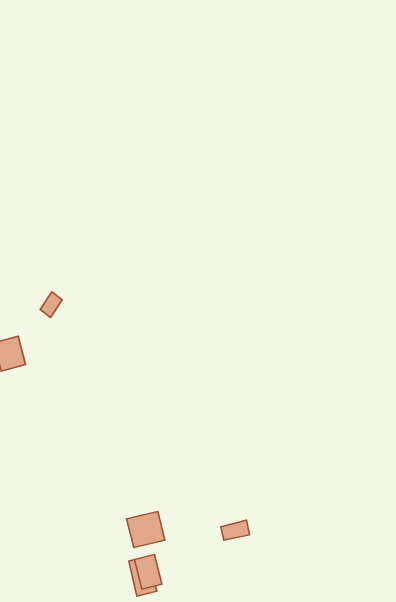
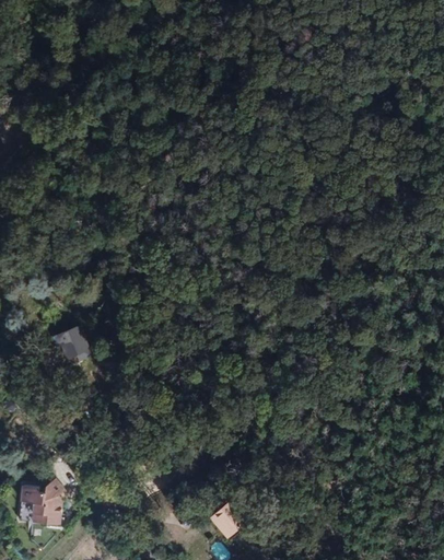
building: [127,512,165,548] -> none

